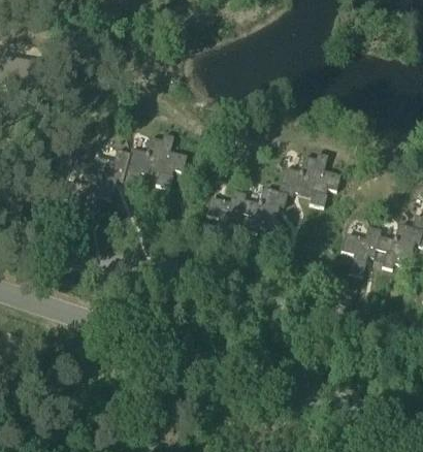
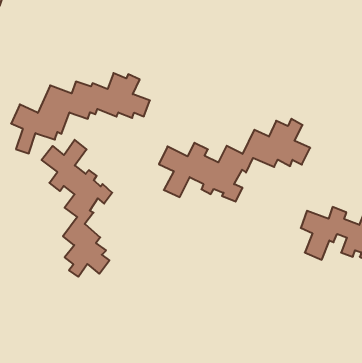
building: none -> [42,140,112,277]

